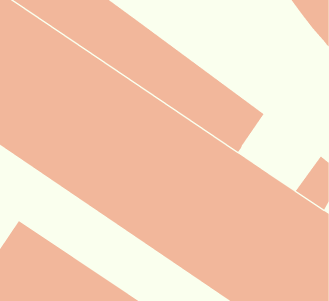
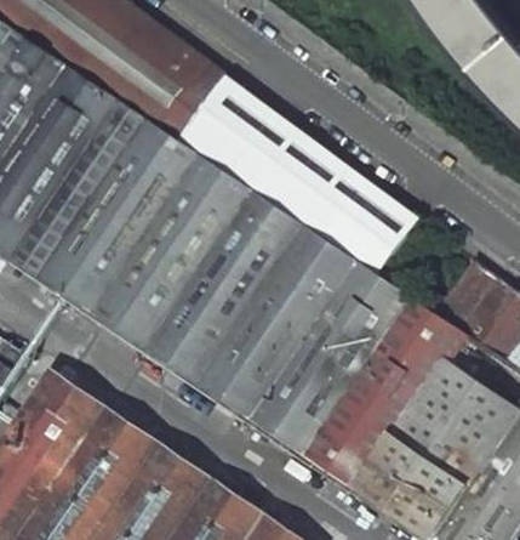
building: none -> [432,261,497,332]

